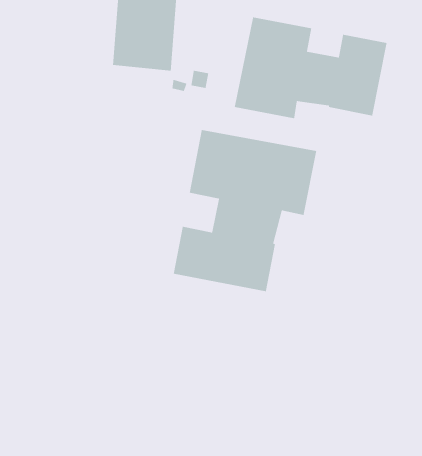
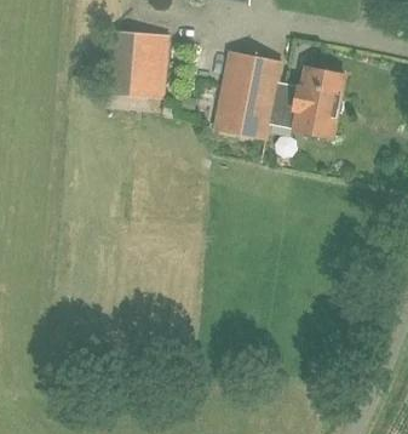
building: [173,129,317,292] -> none

